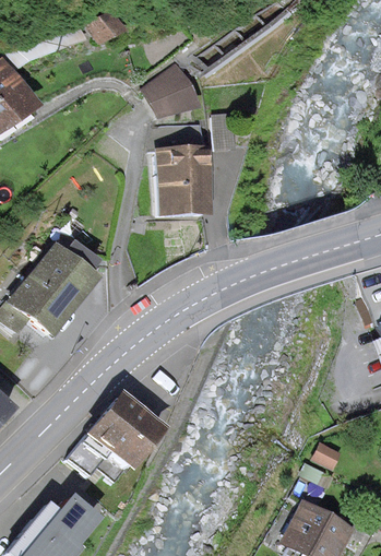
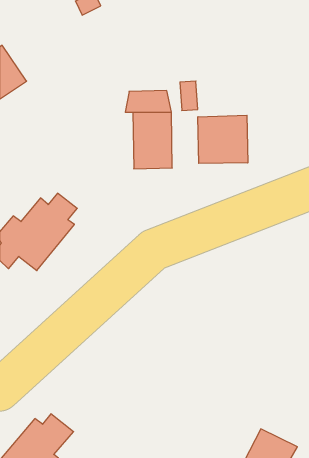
building: [147,57,201,111] -> none
building: none -> [198,115,248,163]
building: [72,391,162,475] -> none

